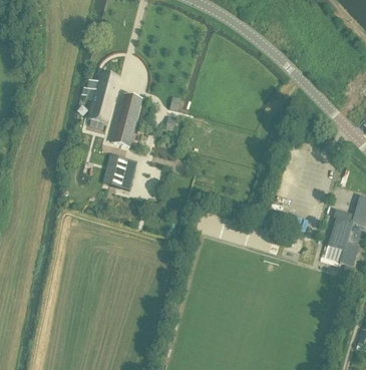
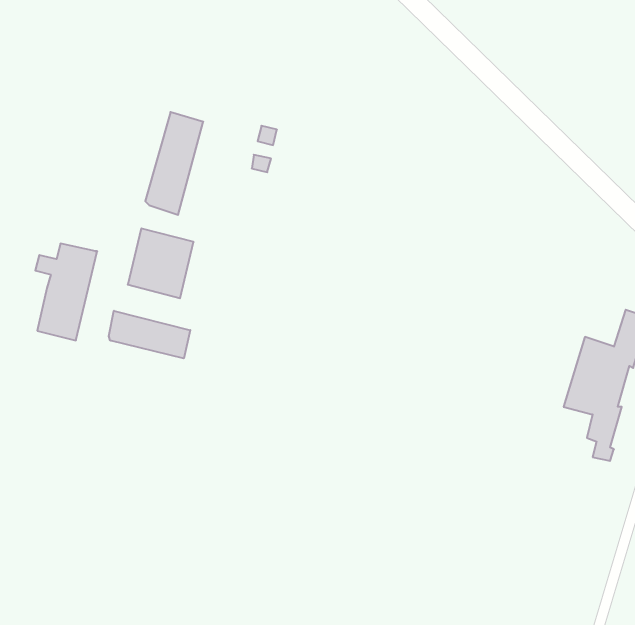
building: [87,73,119,123] -> [35,244,97,340]
building: none -> [109,311,190,358]

